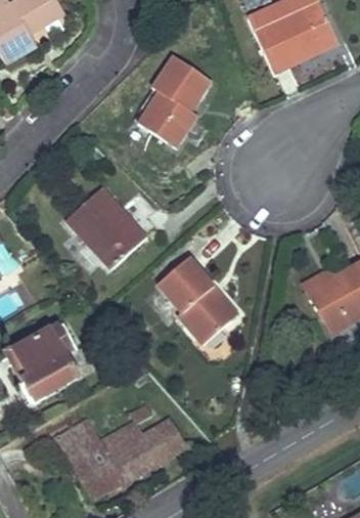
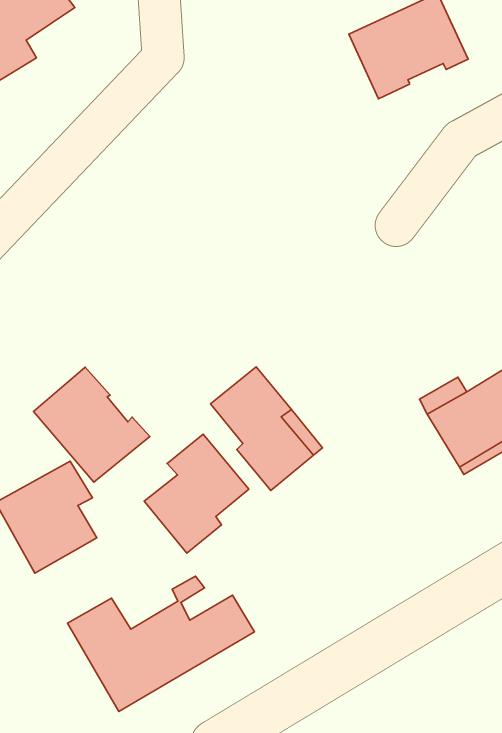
building: [138,55,213,146] -> none
building: [65,184,146,264] -> [33,367,150,482]
building: none -> [144,434,249,553]

